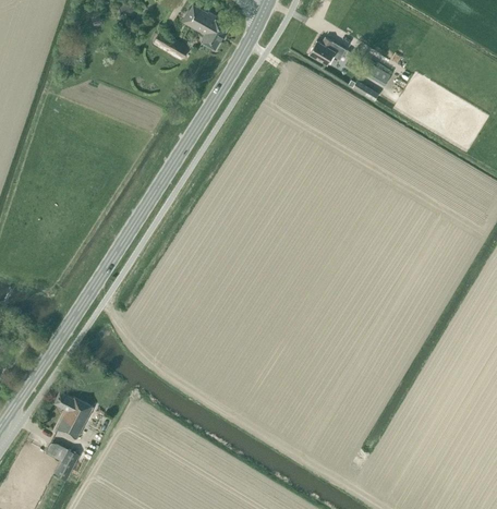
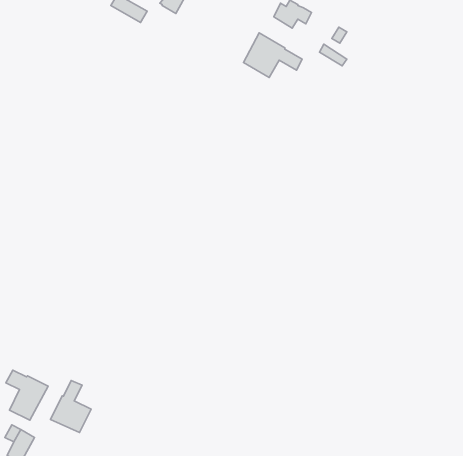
building: none -> [243,33,302,78]
building: none -> [50,380,91,433]

